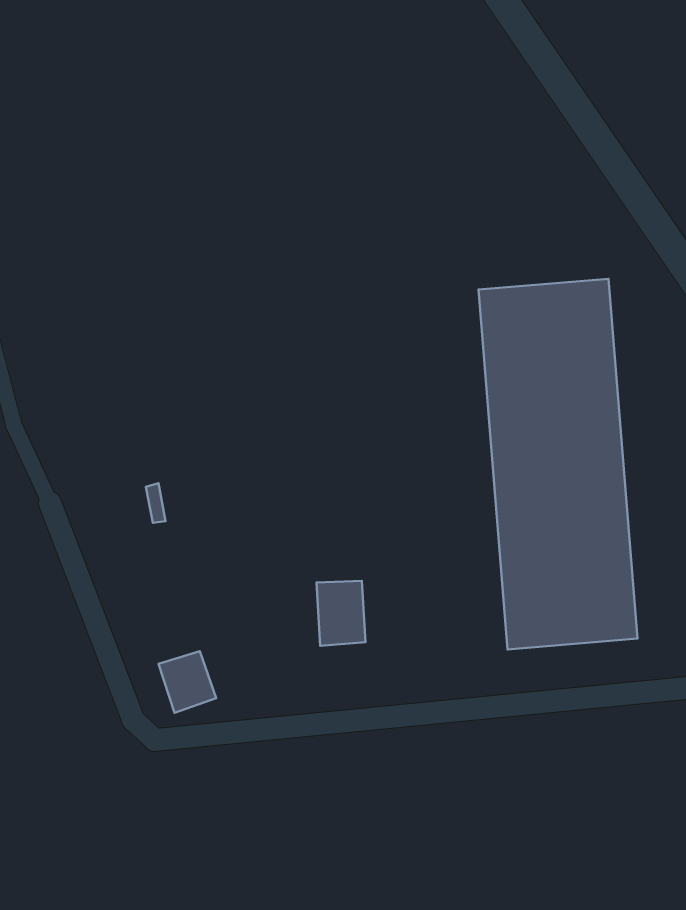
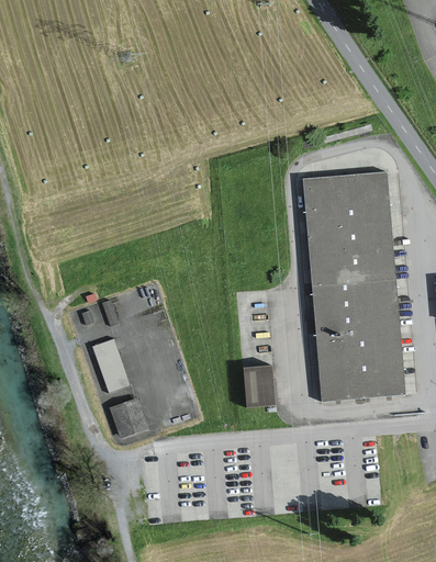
building: none -> [93,339,128,391]
building: [317,581,365,646] -> [244,367,273,406]

